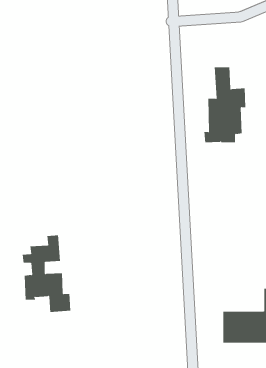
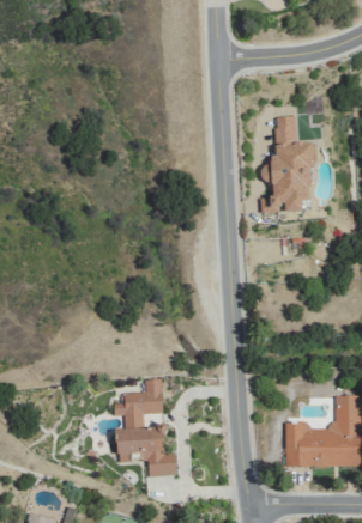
building: [22,235,71,313] -> [114,378,176,476]

